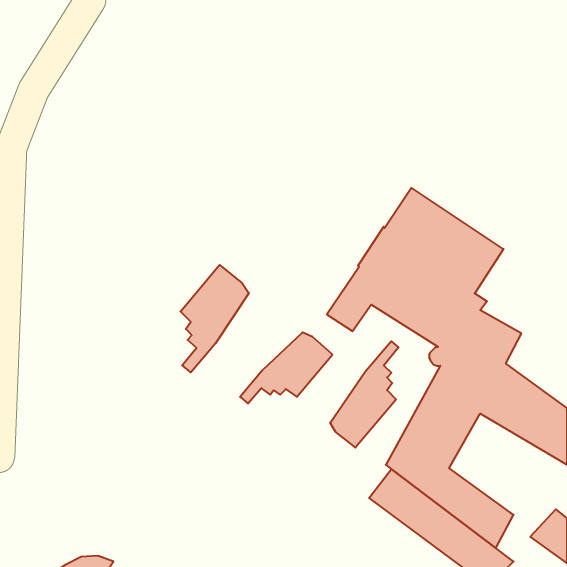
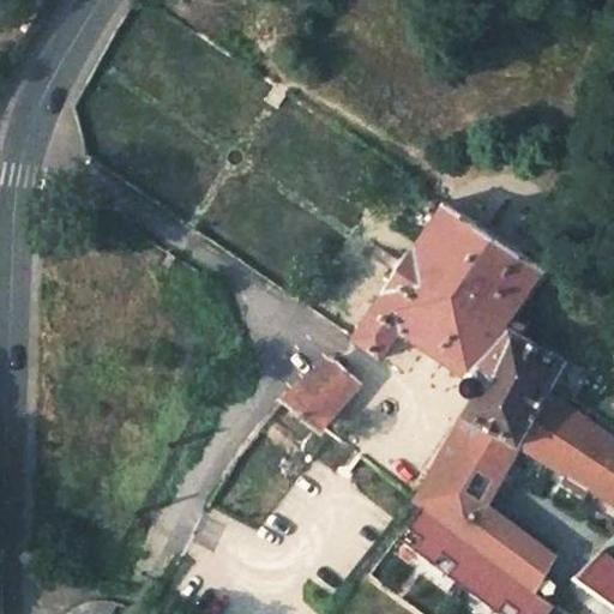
building: [180,265,249,372] -> none
building: [330,341,399,448] -> none

